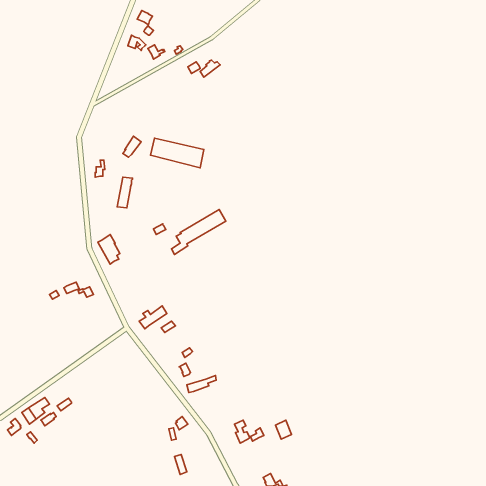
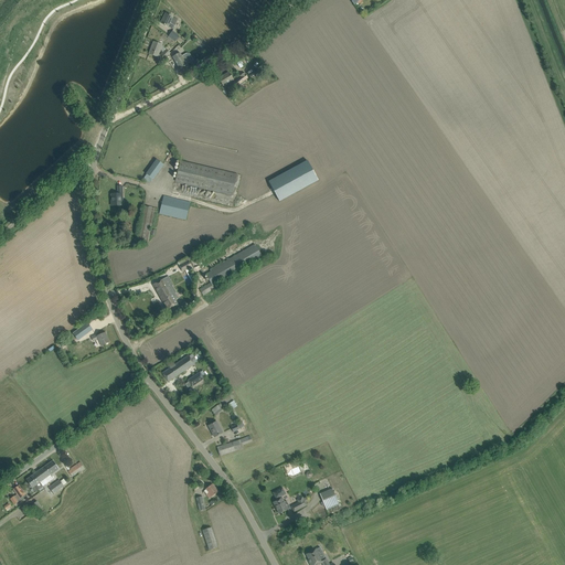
building: none -> [268,160,318,200]
building: none -> [158,195,189,218]
building: [98,234,120,264] -> [152,275,178,309]

